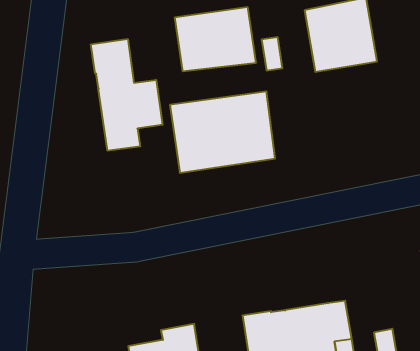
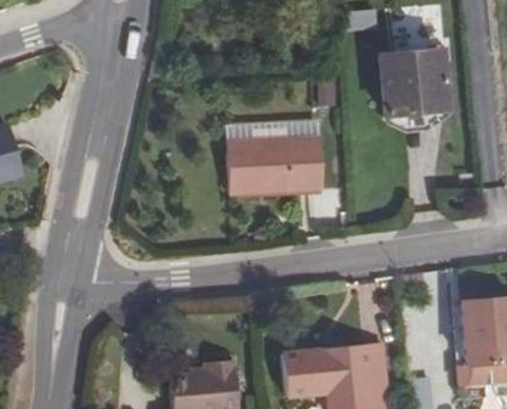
building: [175,7,256,71] -> none
building: [91,39,163,151] -> none

